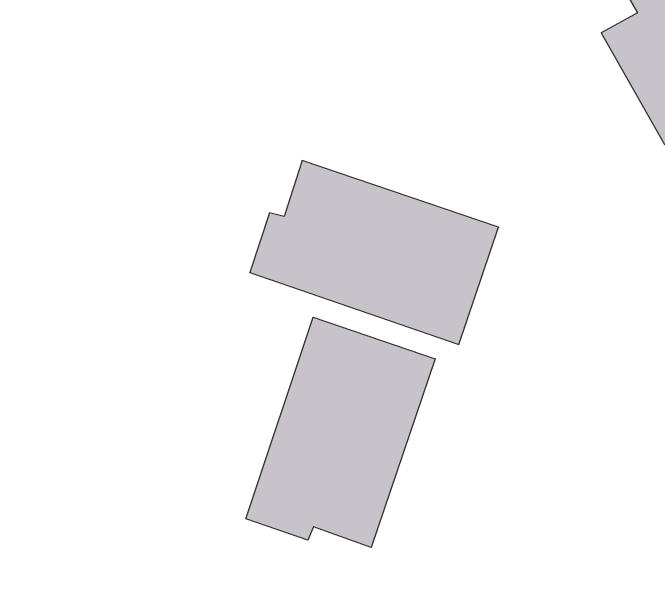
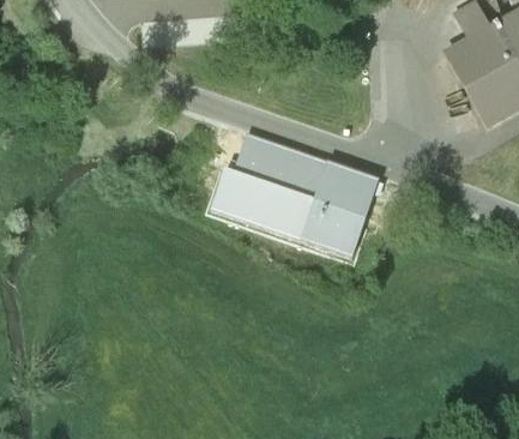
building: [246,317,435,547] -> none

